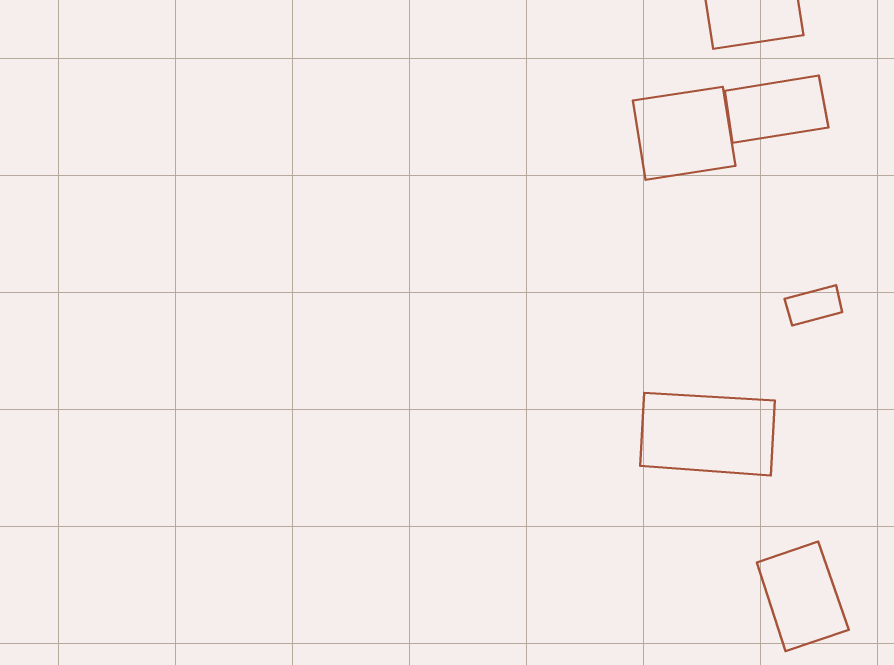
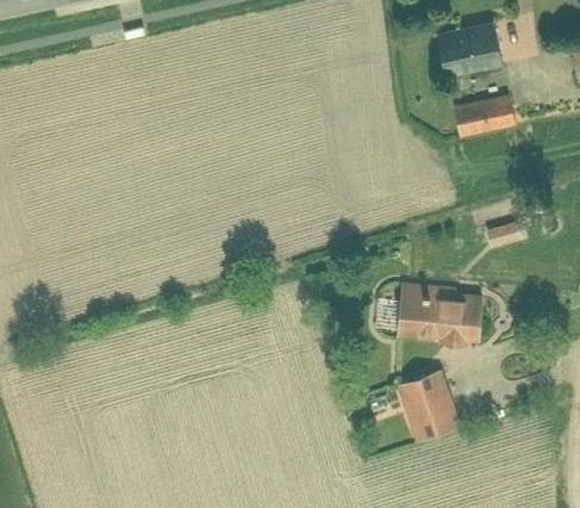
building: [633,87,735,180] -> none
building: [757,541,849,651] -> [399,371,456,439]

